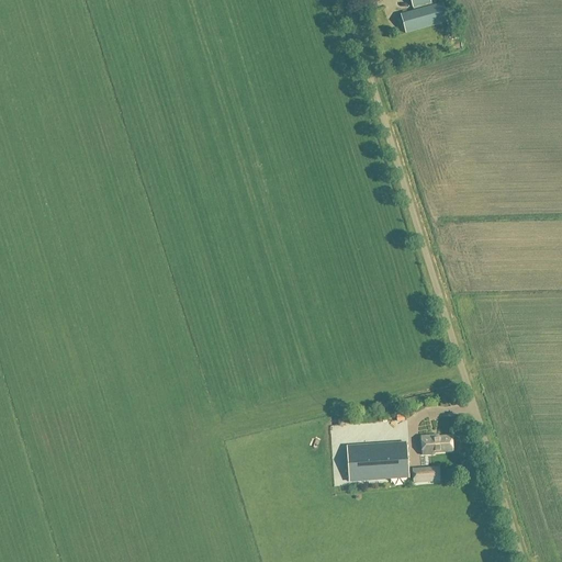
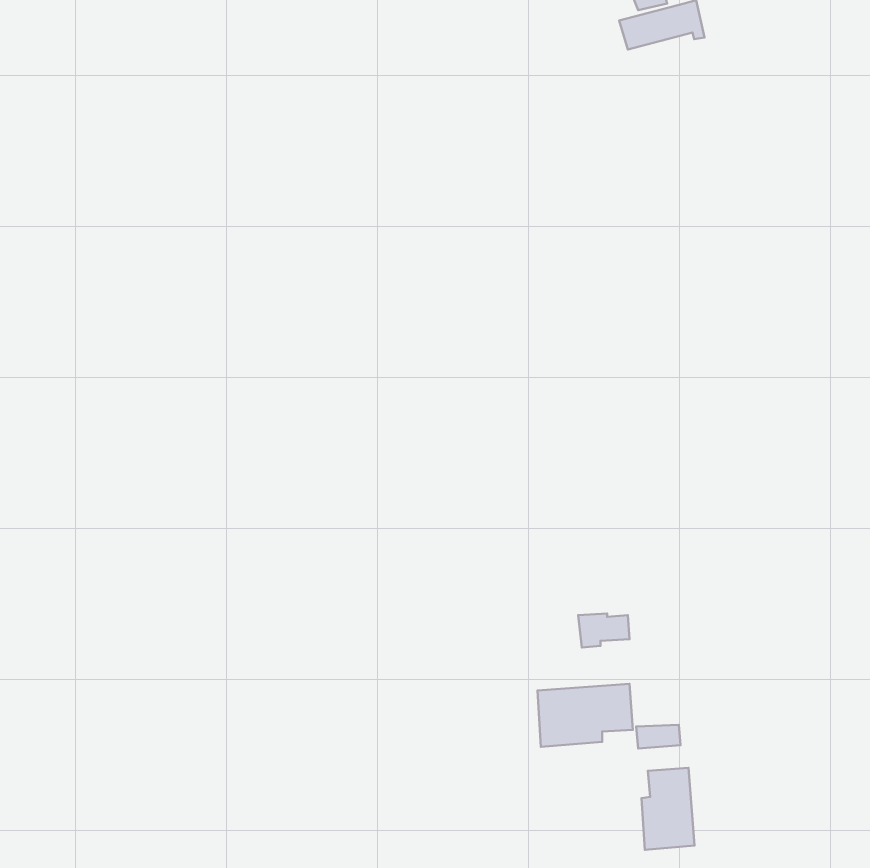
building: [418,434,451,456] -> [578,614,629,648]
building: none -> [641,768,695,850]

